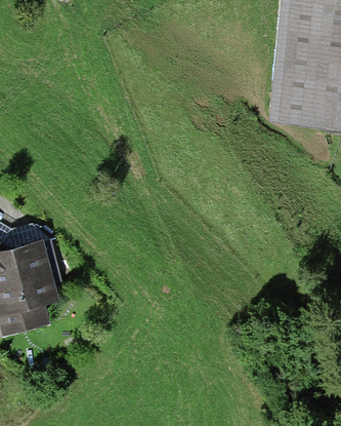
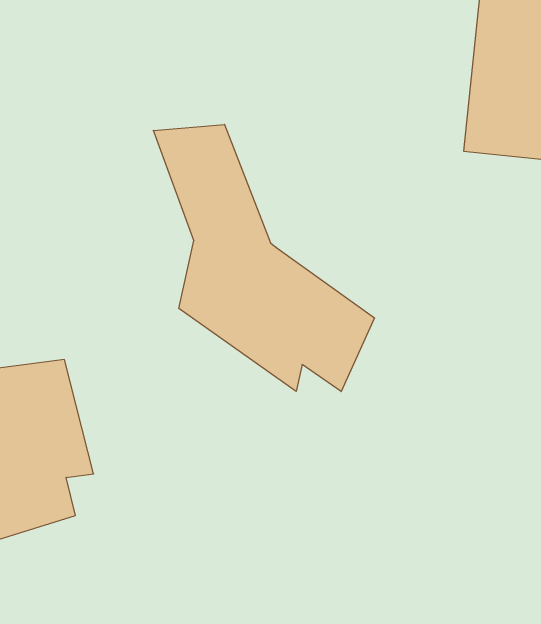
building: none -> [153,124,374,392]

